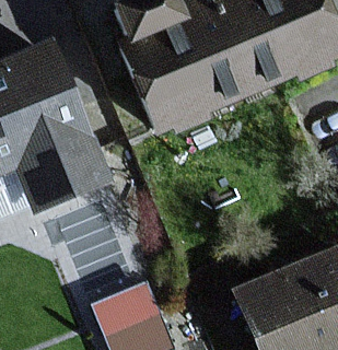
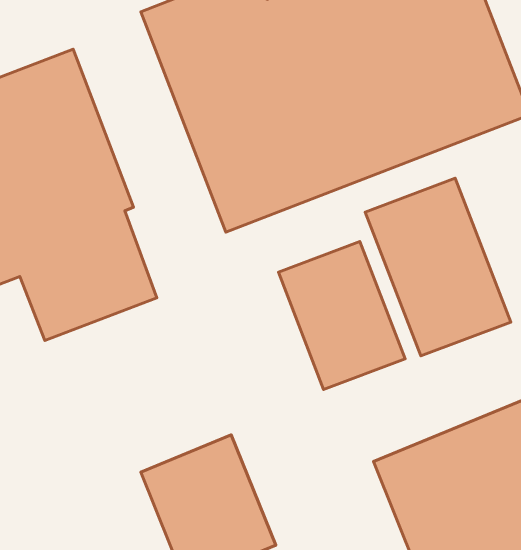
building: none -> [365,178,511,356]
building: none -> [278,241,405,389]

